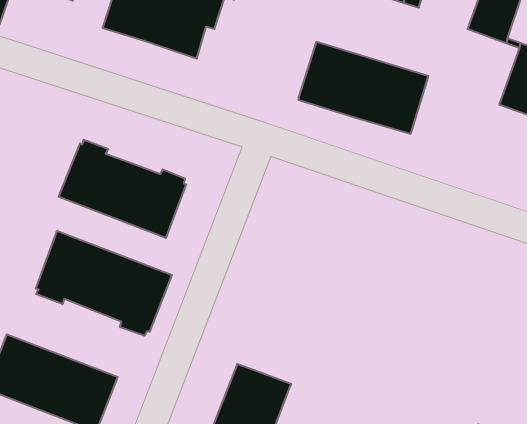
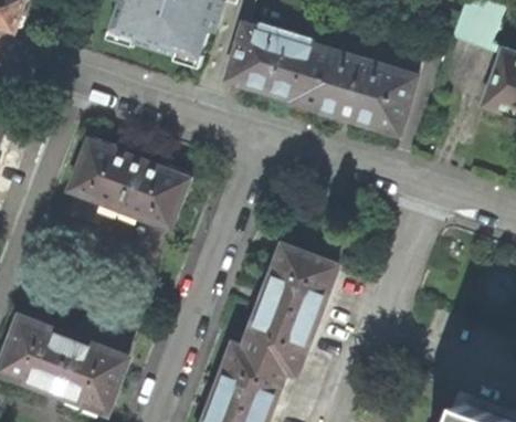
building: none -> [229,21,309,96]
building: [36,231,172,336] -> none
building: none -> [245,247,336,370]

